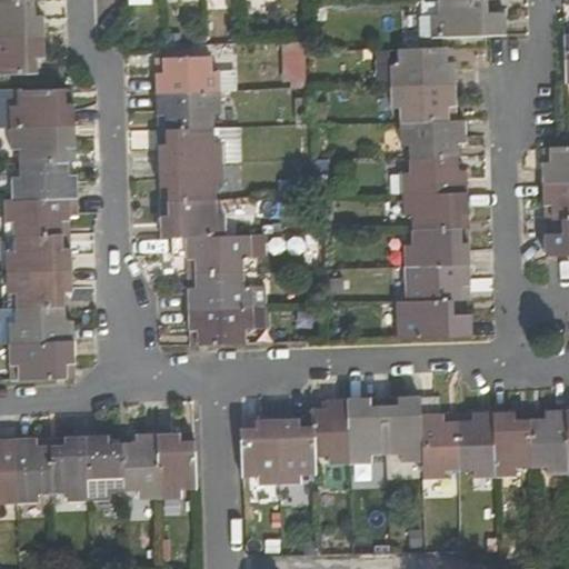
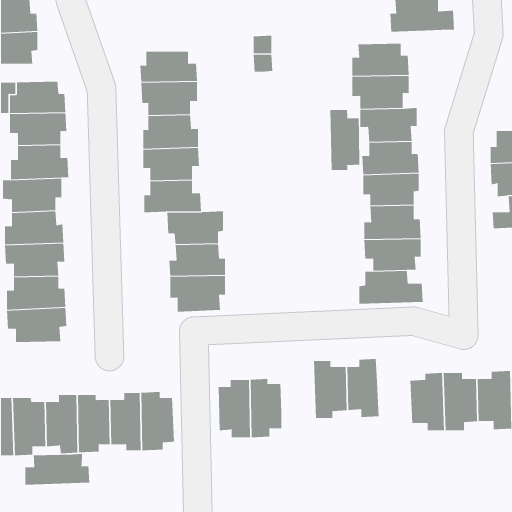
building: none -> [330,109,360,171]
building: [311,399,350,465] -> none
building: [419,415,457,479] -> none
building: none -> [25,453,90,485]

